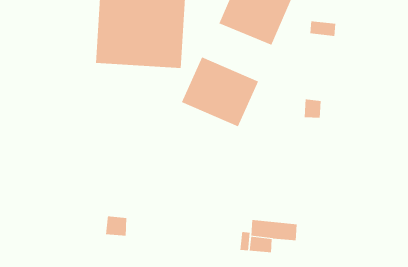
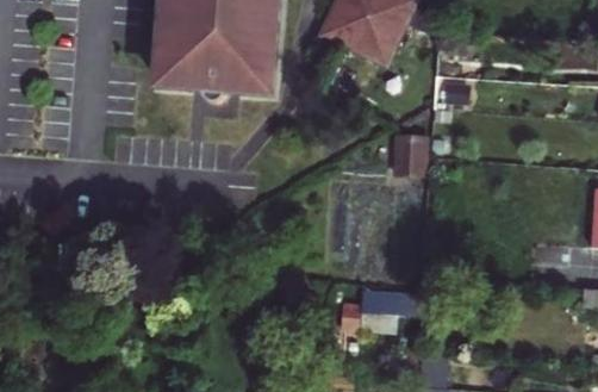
building: [181,57,259,127] -> none
building: none -> [397,137,429,175]

